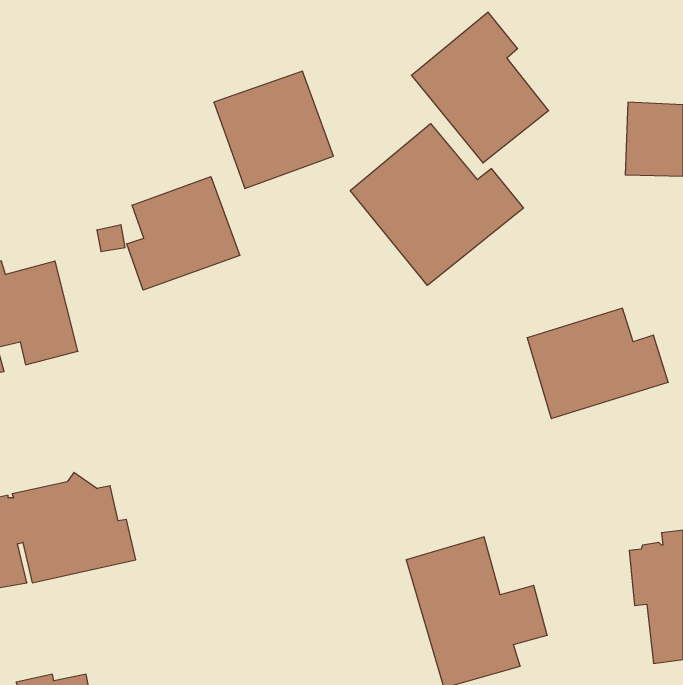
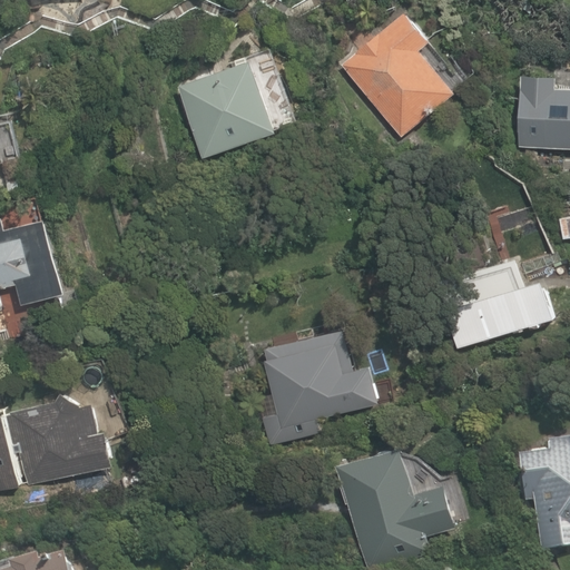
building: [350,124,523,285] -> none
building: [127,177,240,290] -> none
building: none -> [257,343,353,445]

